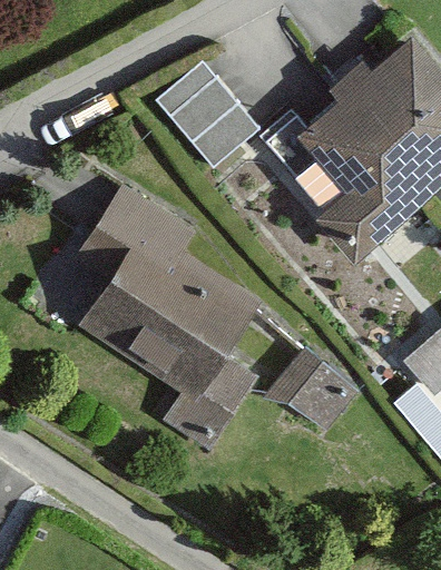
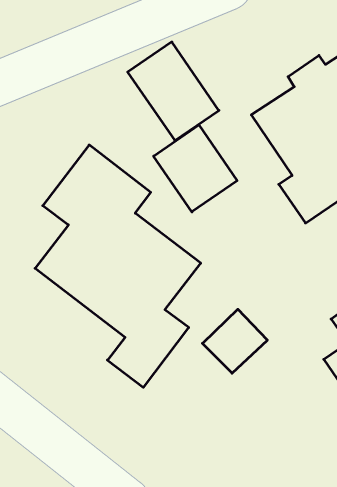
building: none -> [154,125,237,212]

